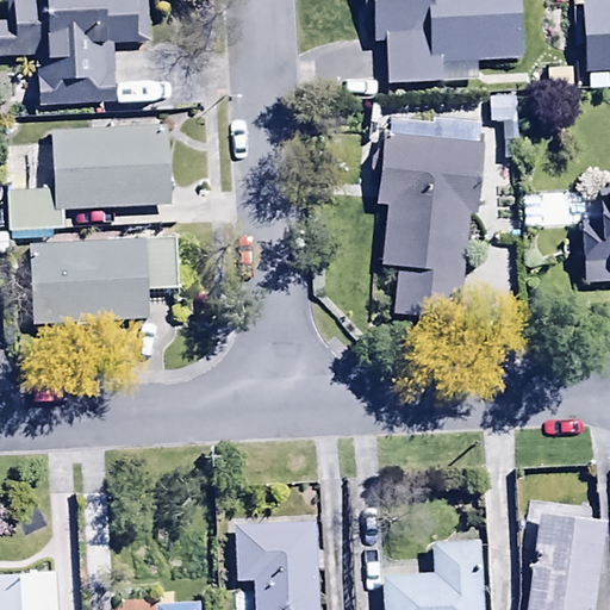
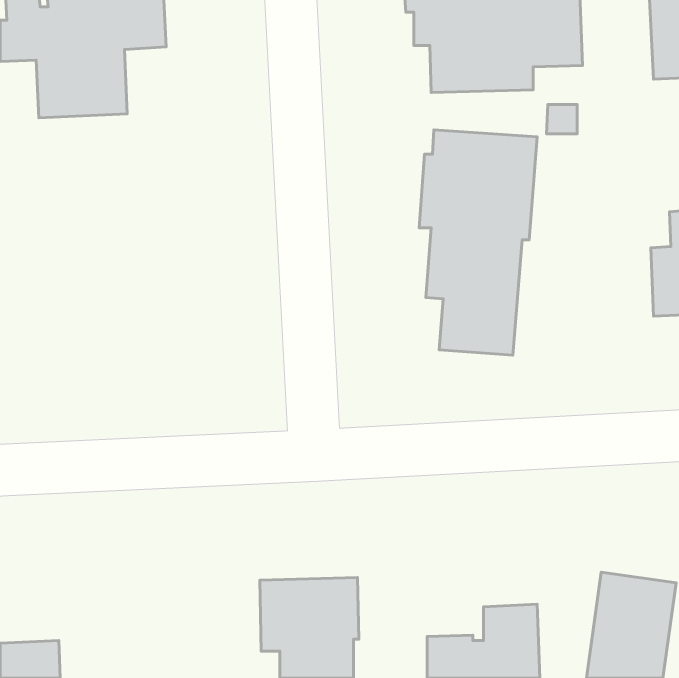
building: [10,124,170,230] -> none
building: [32,237,181,323] -> none

